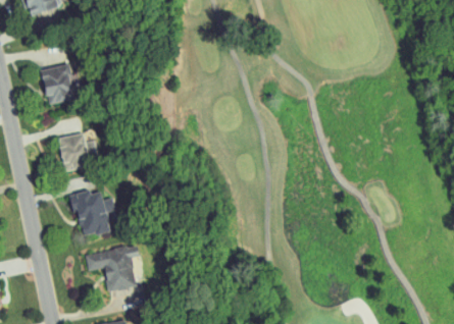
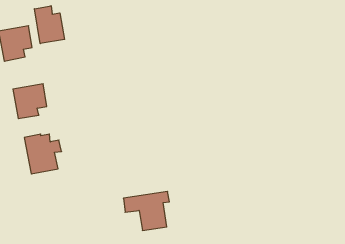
building: none -> [34,6,65,44]
building: [85,246,139,291] -> [123,191,169,230]

